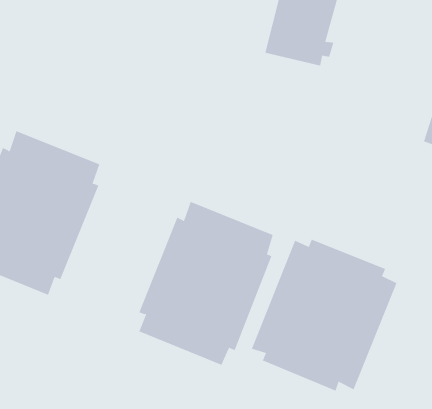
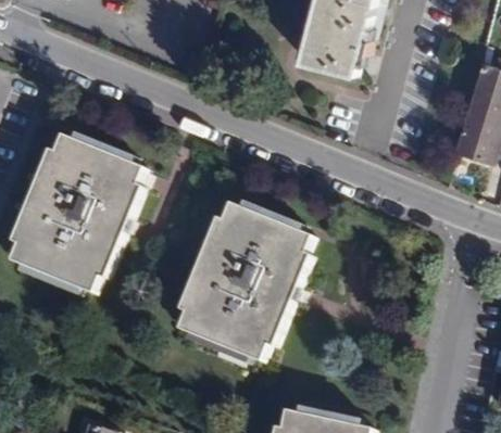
building: [251,239,397,391] -> none

